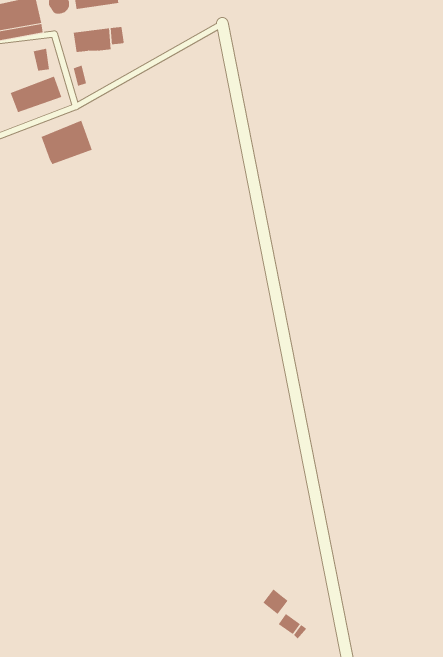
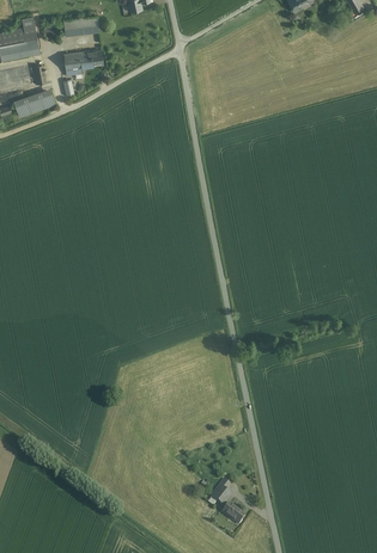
building: [41,120,92,165] -> none

